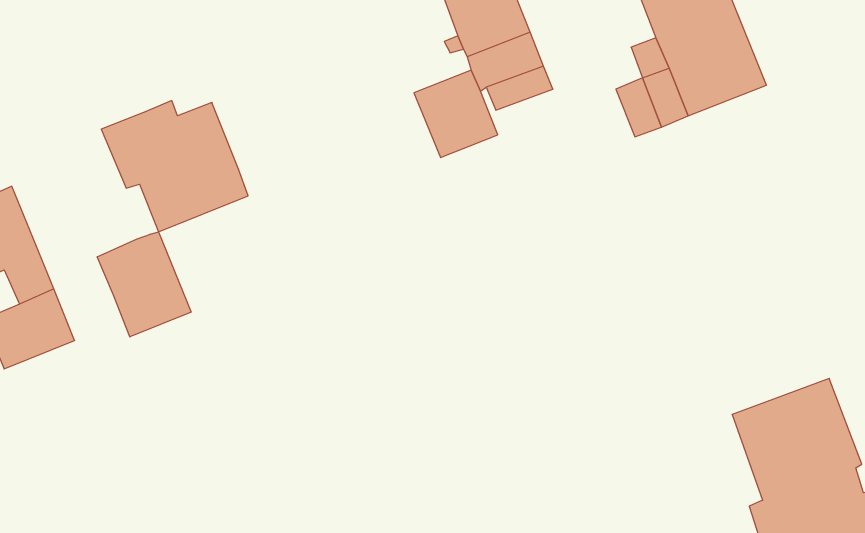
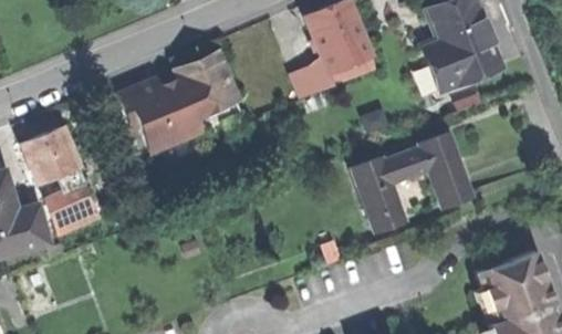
building: none -> [175,60,235,122]
building: none -> [351,139,471,237]
building: [97,232,191,337] -> none

